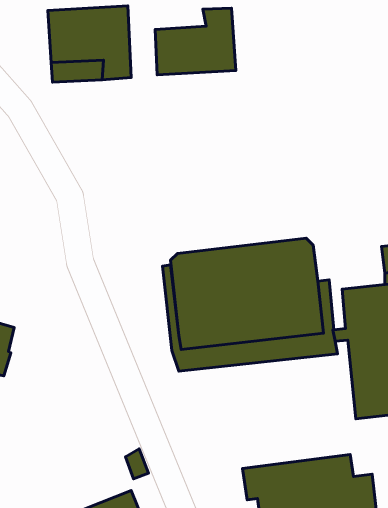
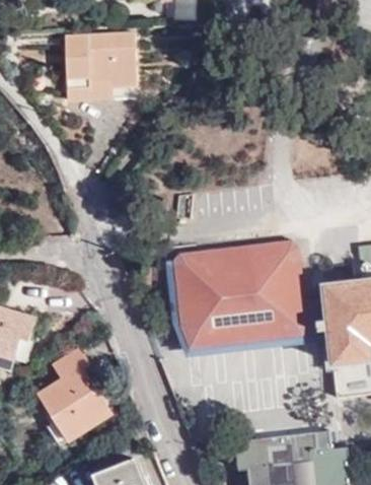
building: [155,8,236,75] -> none
building: none -> [39,348,112,441]

